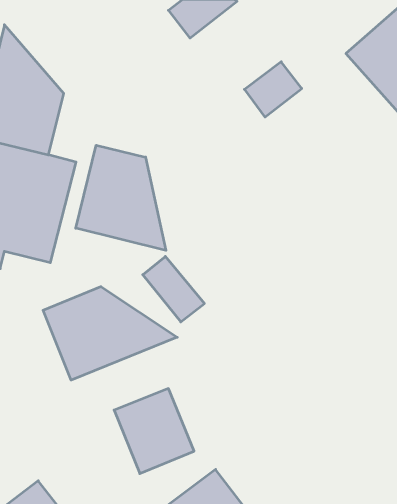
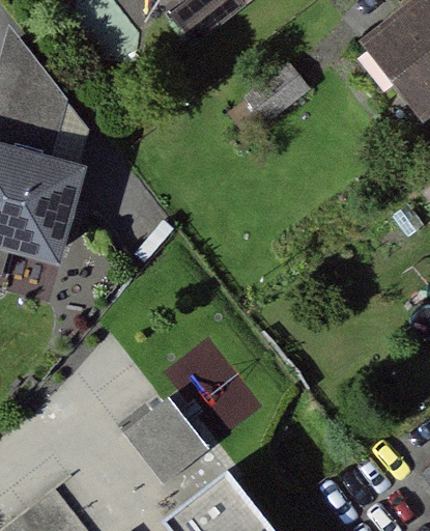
building: [76,145,166,250] -> none
building: [43,287,177,380] -> none

